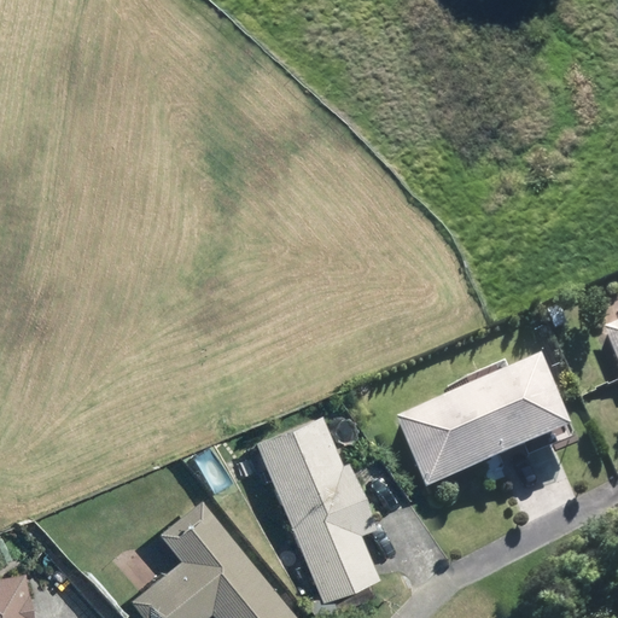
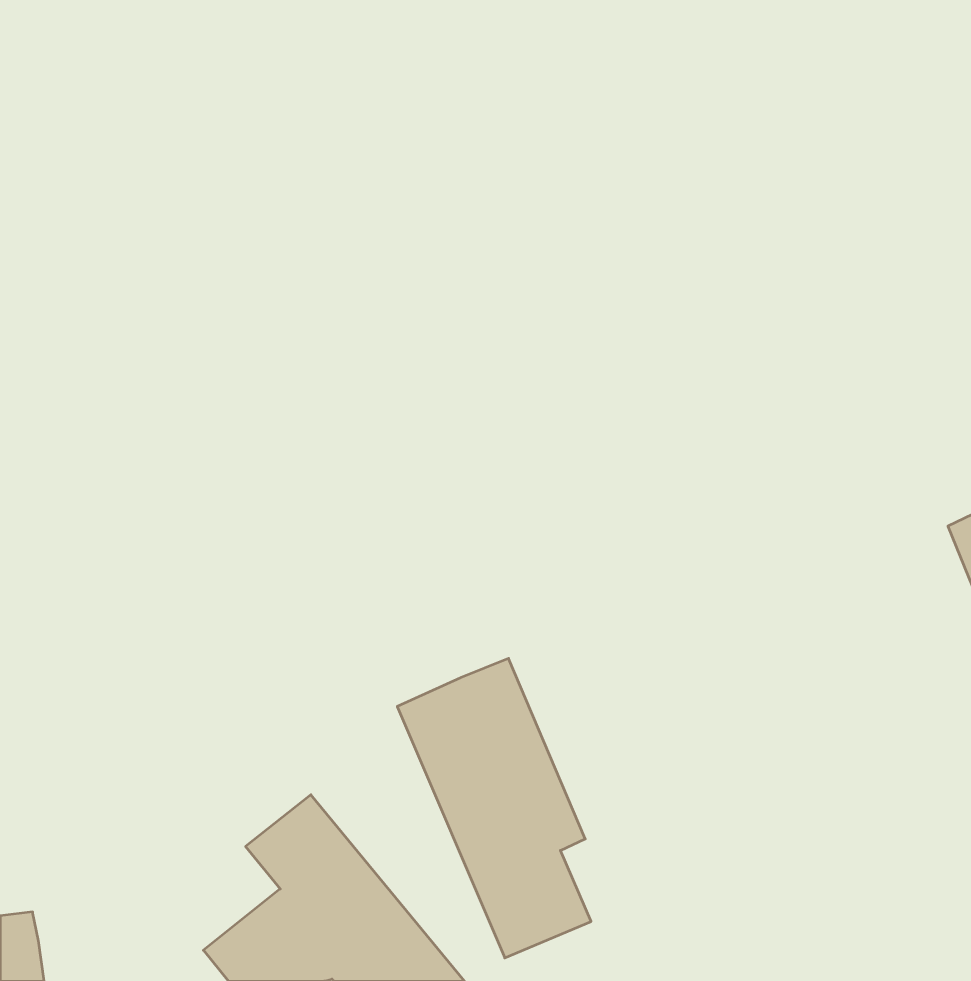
building: [397,362,567,492] -> none

